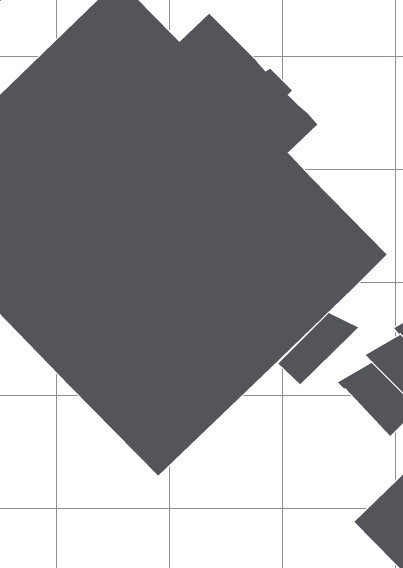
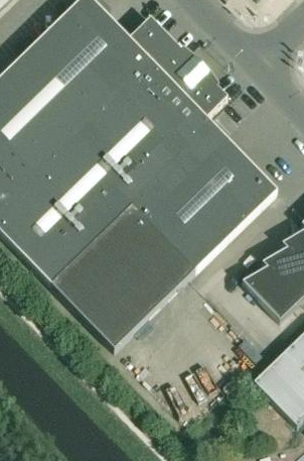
building: [278,312,359,385] -> none

